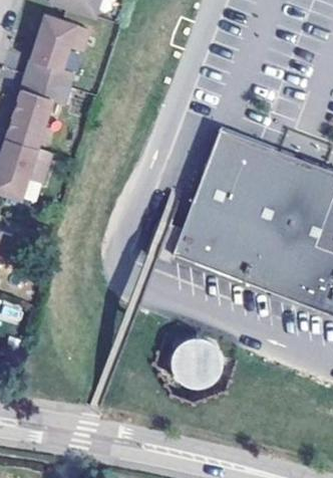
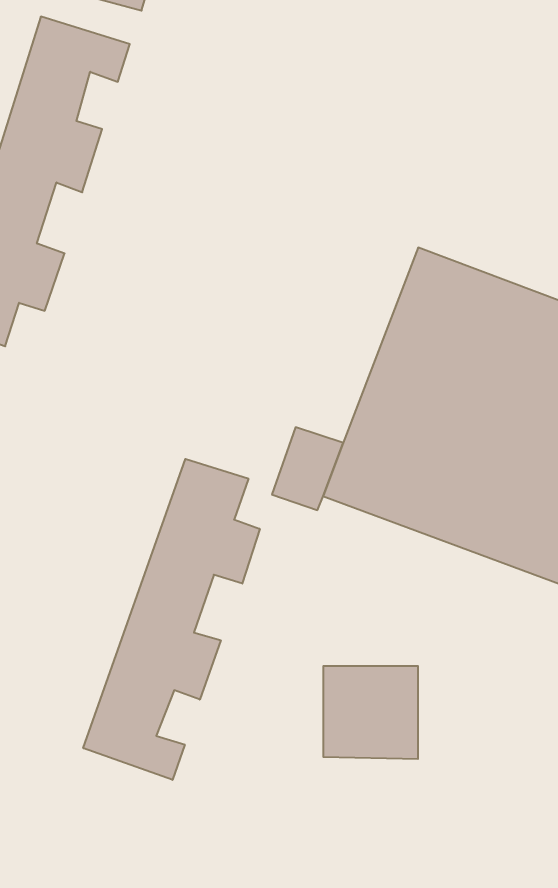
building: none -> [83,459,260,780]

